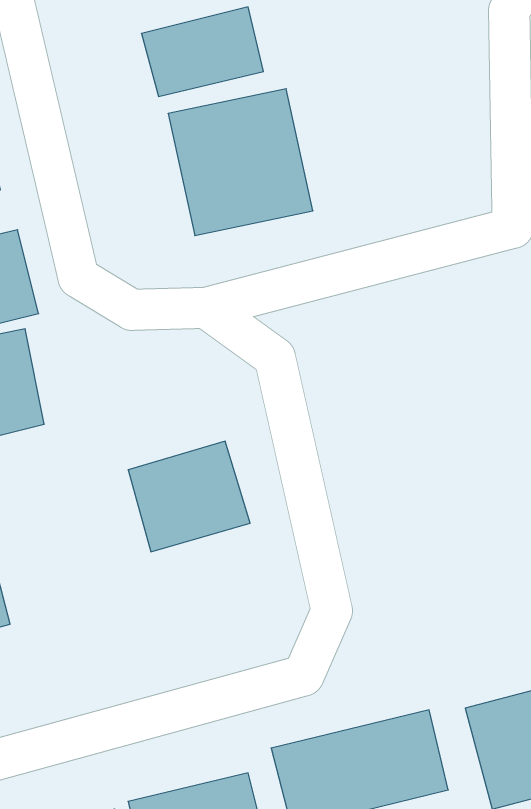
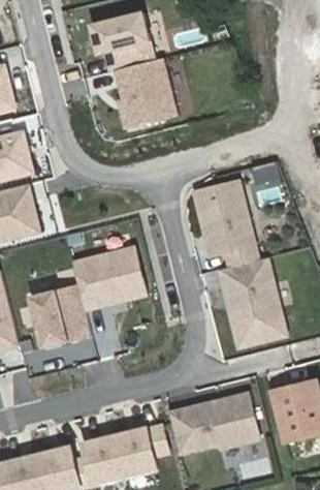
building: none -> [188,177,256,266]
building: none -> [219,264,278,341]
building: none -> [38,290,94,353]

